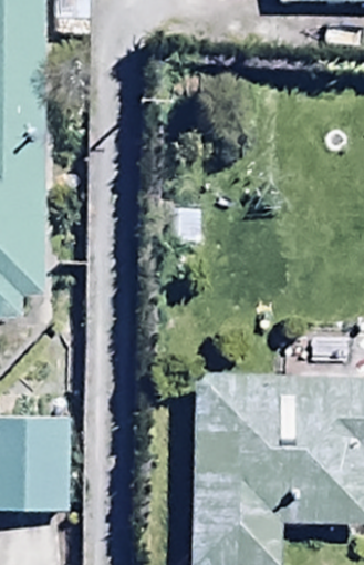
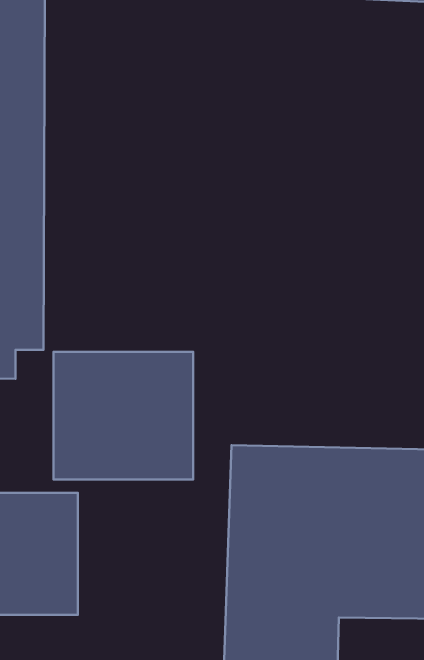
building: none -> [53,352,193,480]

